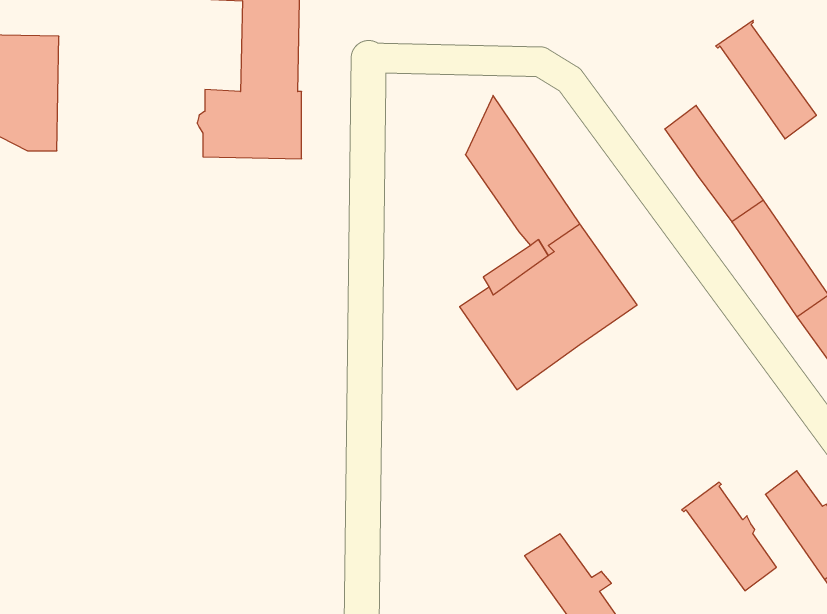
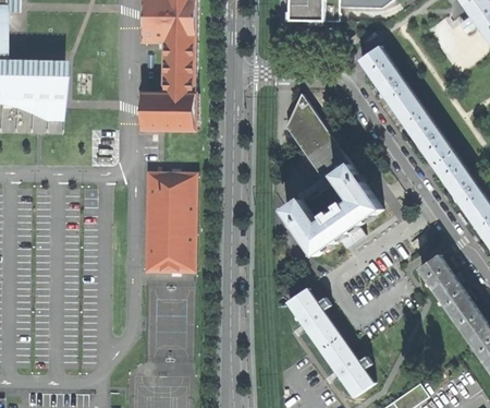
building: [716,20,816,139] -> [358,47,414,112]
building: none -> [145,172,195,271]
building: none -> [285,288,339,348]
building: [682,482,776,591] -> [417,254,469,314]

